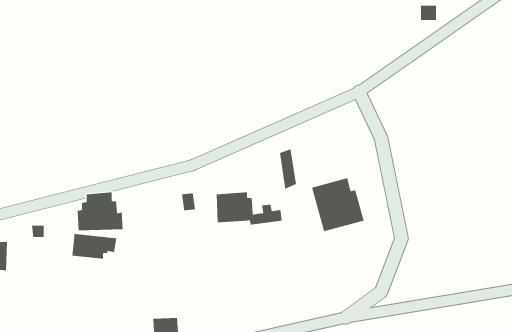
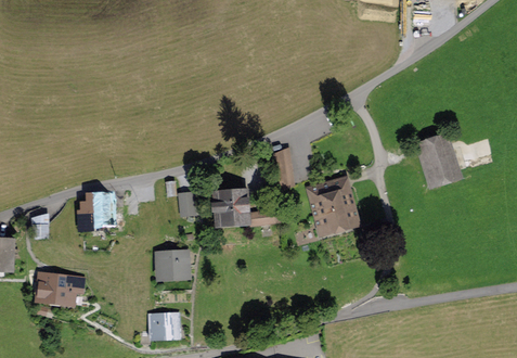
building: none -> [415,135,458,186]
building: [72,234,117,259] -> [40,277,85,302]
building: none -> [156,252,186,277]

